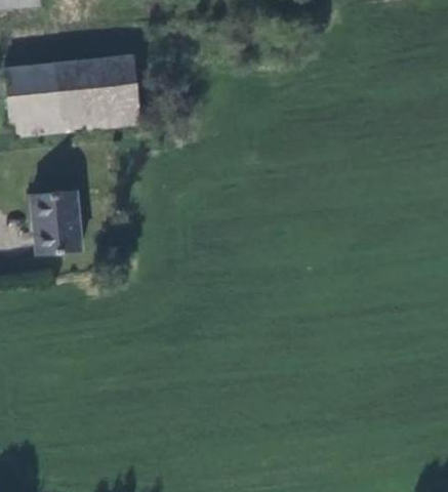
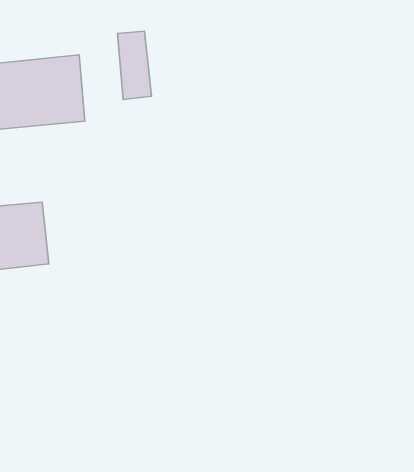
building: [109,57,139,120] -> [118,31,151,100]

